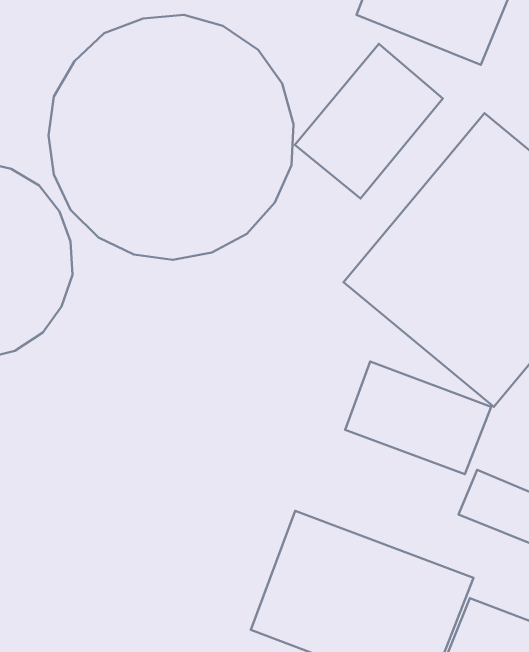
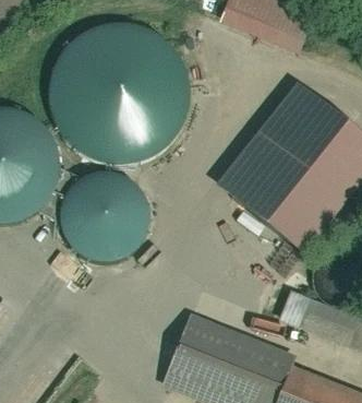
building: [295,44,443,198] -> none
building: none -> [53,173,146,264]
building: [345,361,491,474] -> none

